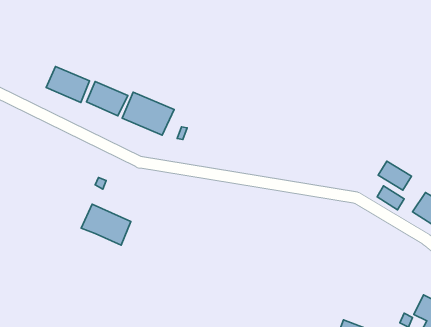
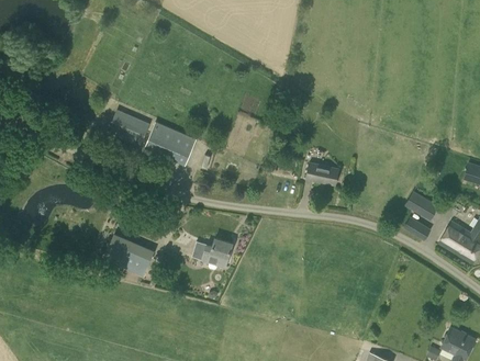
building: [46,66,90,102] -> none
building: none -> [305,162,338,184]
building: none -> [191,238,232,267]

